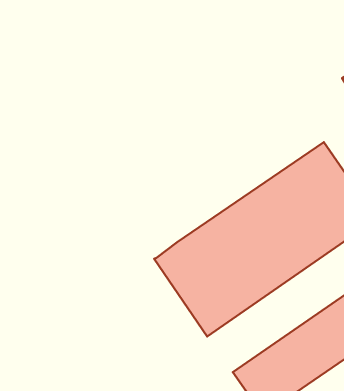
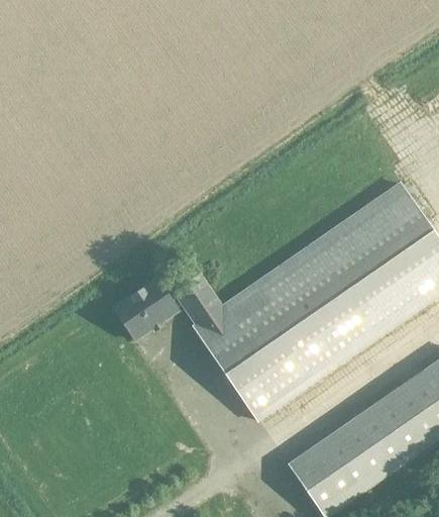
building: none -> [113,275,221,339]

